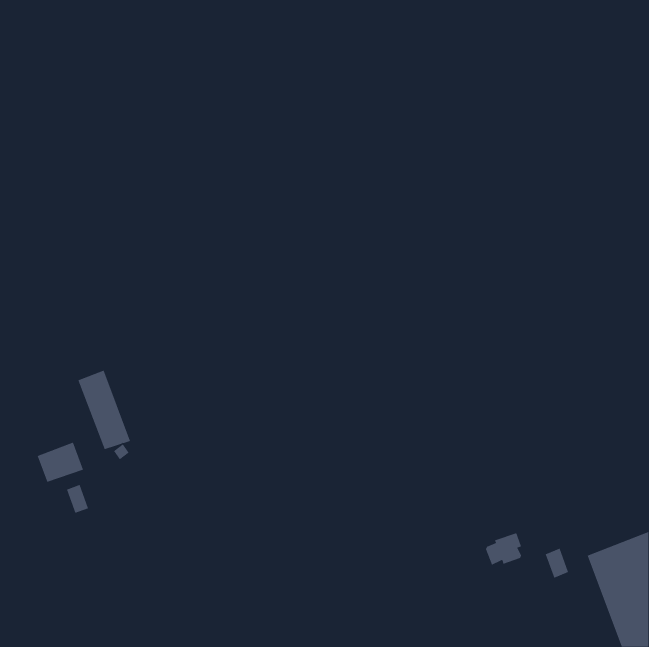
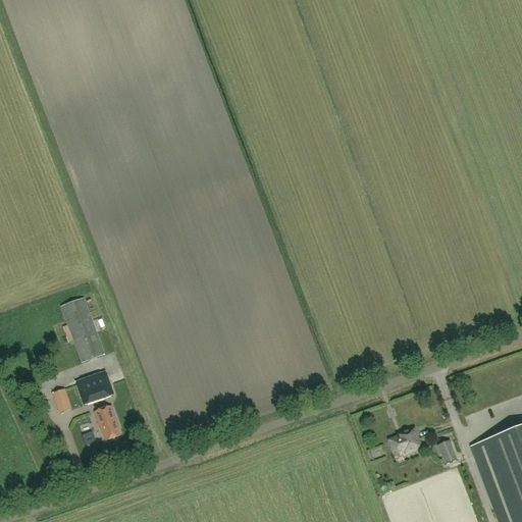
building: [37,442,84,483] -> [75,369,113,402]
building: none -> [95,405,120,438]

